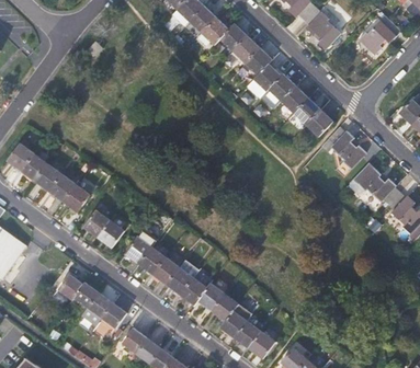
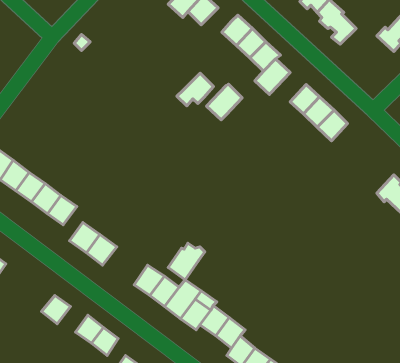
building: [194,14,227,44] -> [177,73,214,106]
building: [262,71,294,103] -> [207,84,242,120]
building: [328,124,365,165] -> none
building: [124,230,157,263] -> [168,243,205,280]
building: [68,280,98,312] -> none

